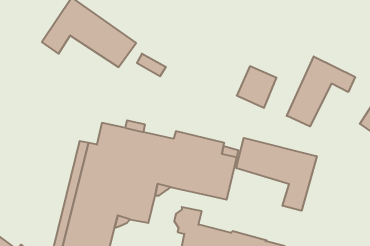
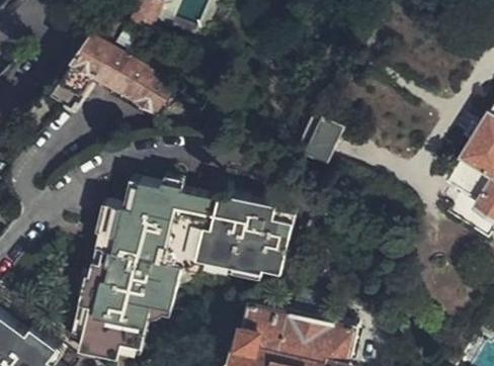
building: [287,56,355,126] -> none
building: [236,138,317,211] -> none

